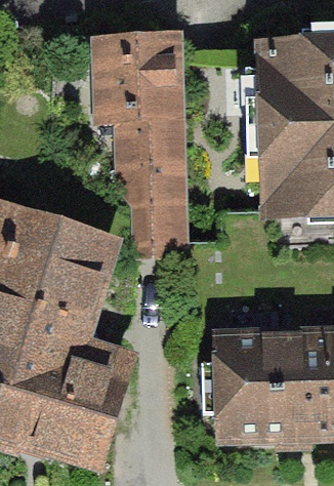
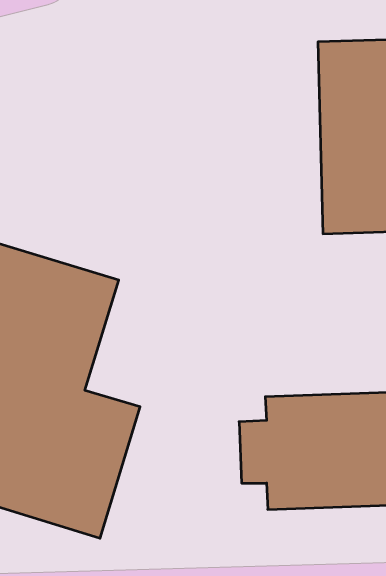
building: [98,36,181,239] -> none

